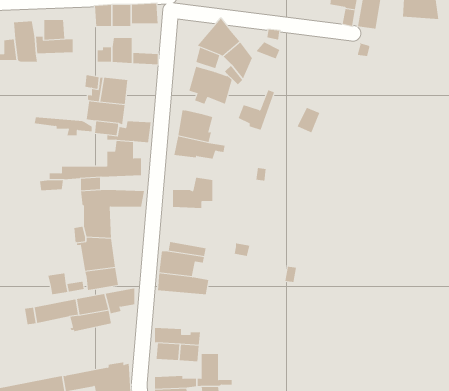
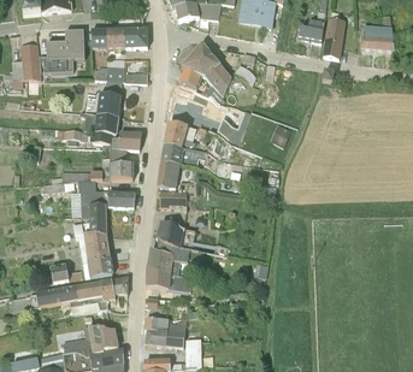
building: none -> [64,31,84,60]
building: none -> [155,163,179,193]
building: none -> [155,222,194,246]
building: none -> [63,325,117,356]

